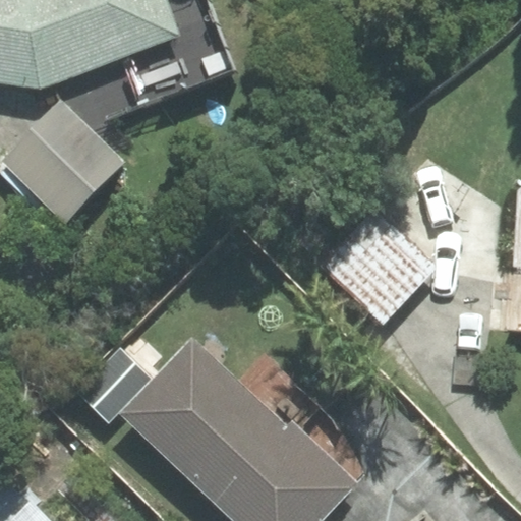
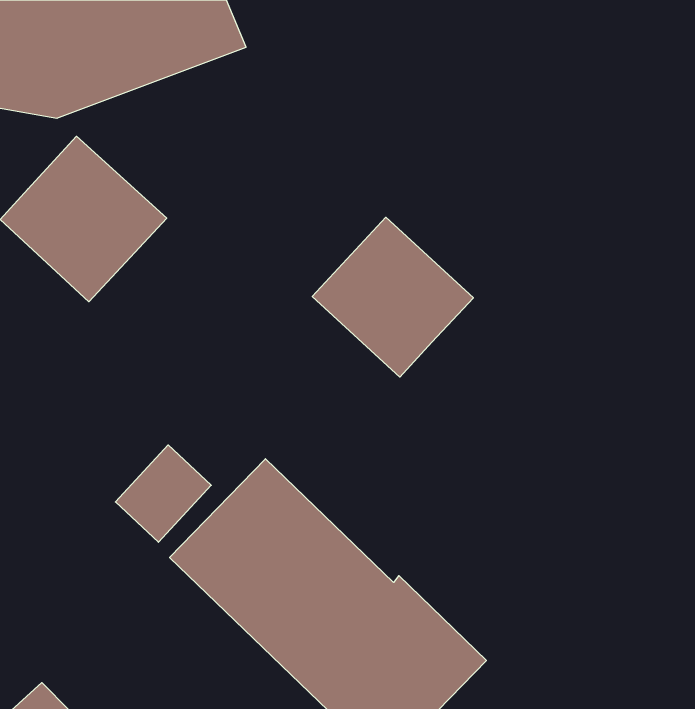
building: [317,207,436,324] -> [312,217,473,377]

